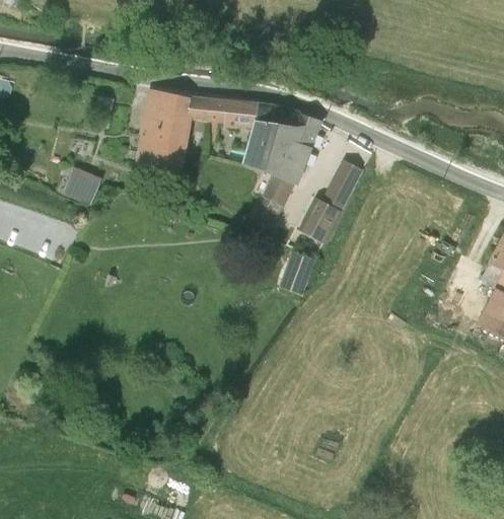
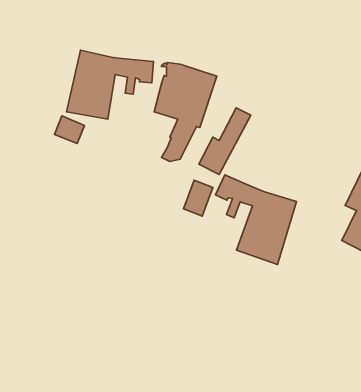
building: [63,168,100,203] -> [54,116,85,143]
building: none -> [215,175,296,265]

